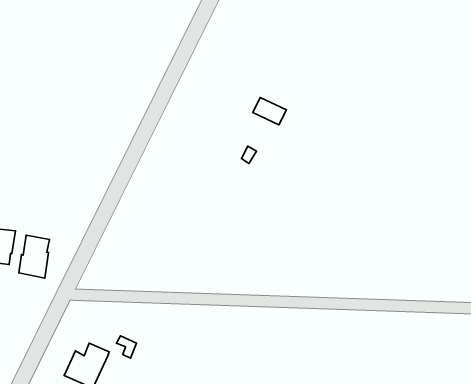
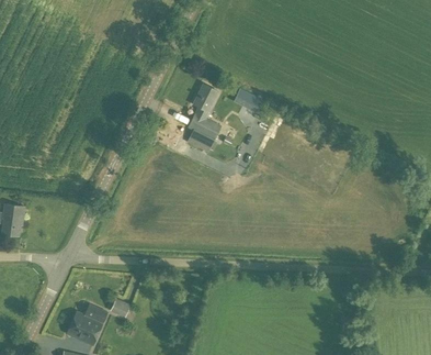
building: none -> [189,84,220,138]
building: [19,235,49,278] -> none

